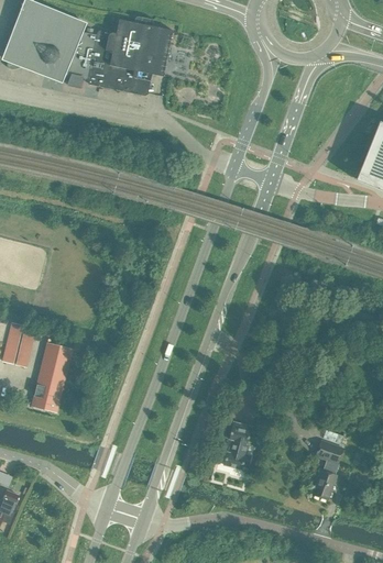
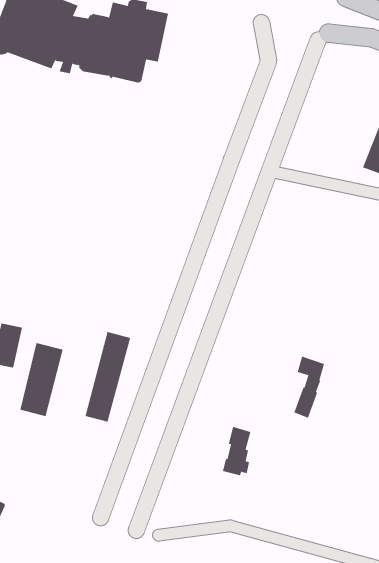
building: none -> [85,331,131,422]
building: [311,442,341,501] -> [294,356,325,418]

